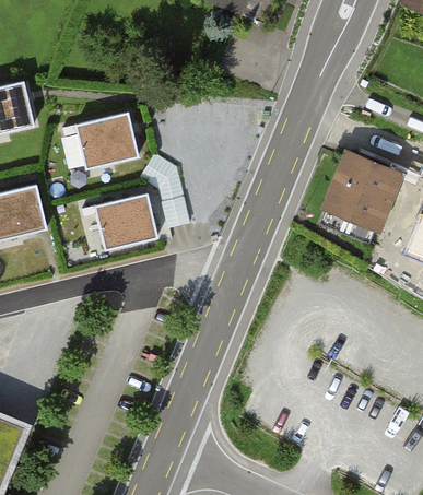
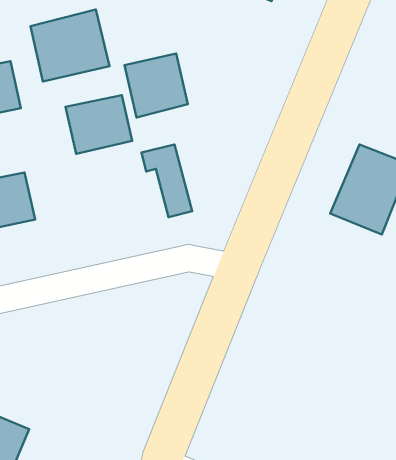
building: none -> [30,9,109,82]
building: none -> [124,53,188,117]
building: [94,192,155,247] -> none

